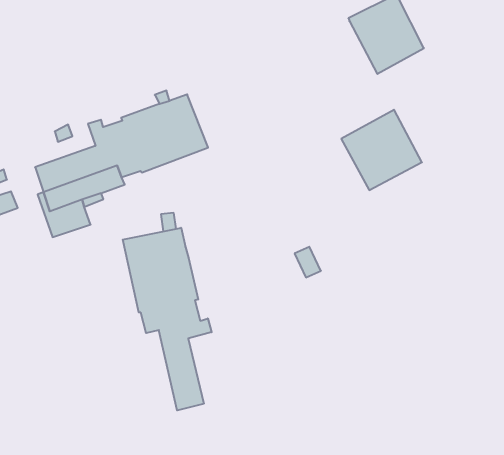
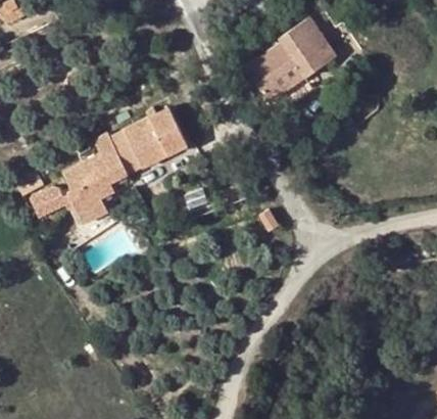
building: [341,110,422,190] -> [244,42,304,102]
building: [123,228,212,410] -> none

